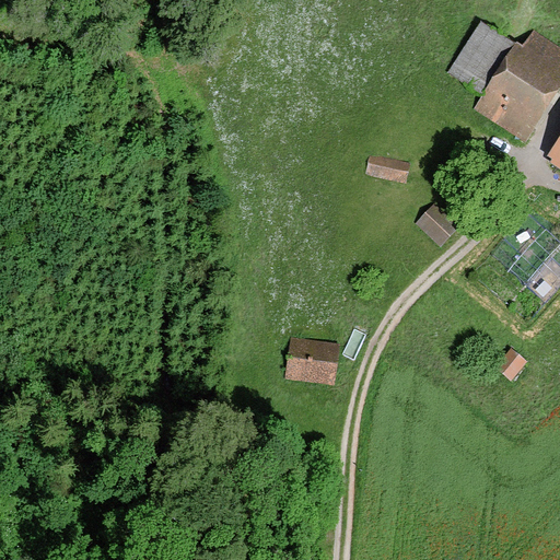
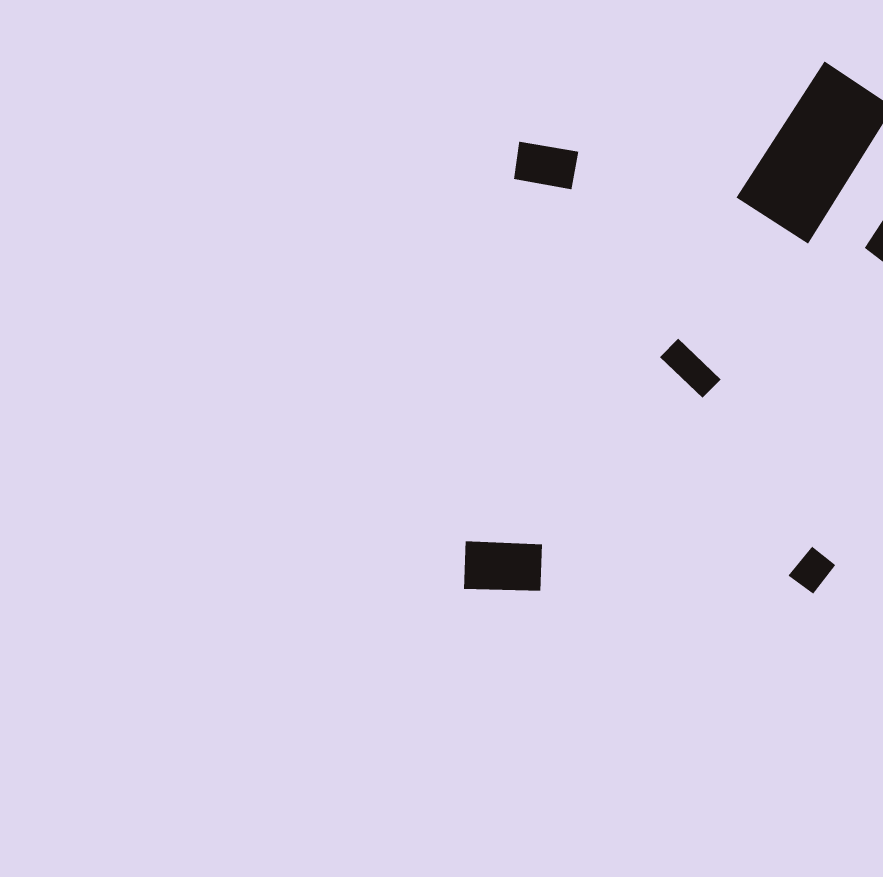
building: [451,18,518,90] -> none
building: [368,151,409,182] -> [513,141,579,190]

